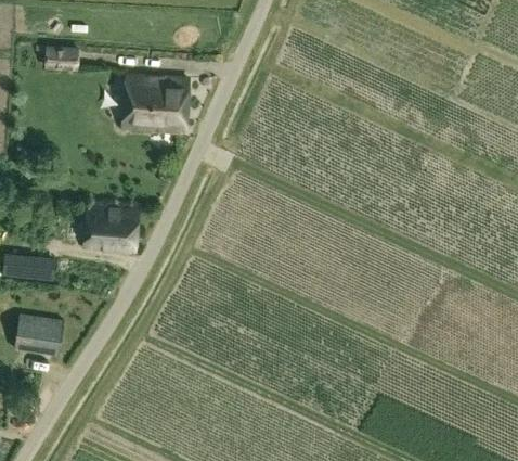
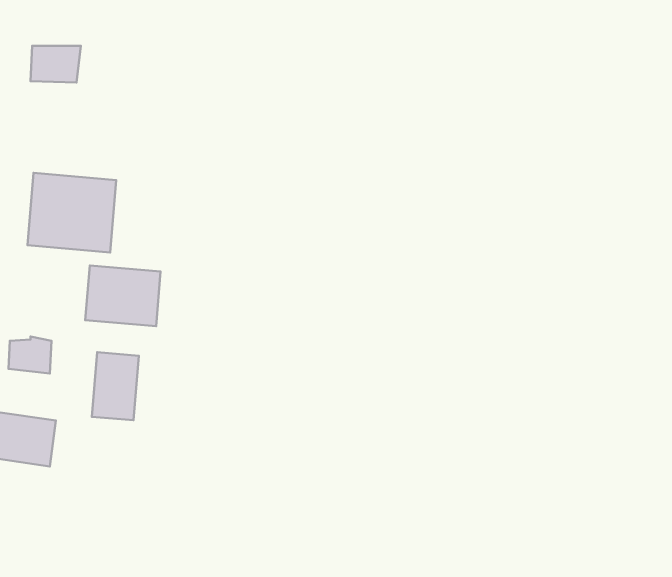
building: [122,74,187,132] -> [27,173,116,253]
building: none -> [92,352,139,420]

